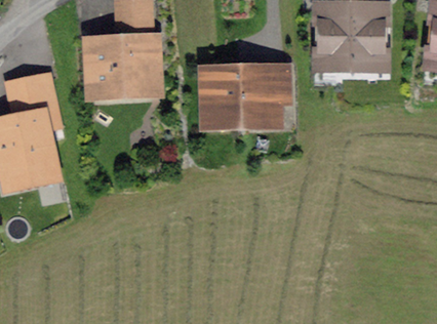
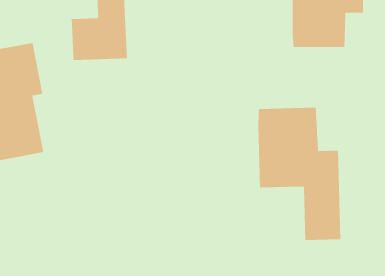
building: [207,69,286,115] -> none
building: none -> [257,107,341,241]

